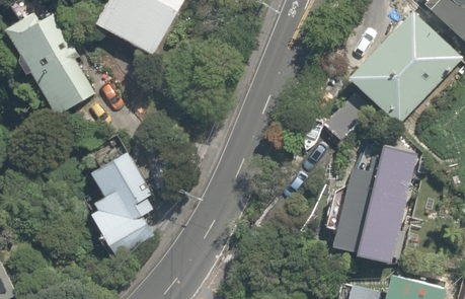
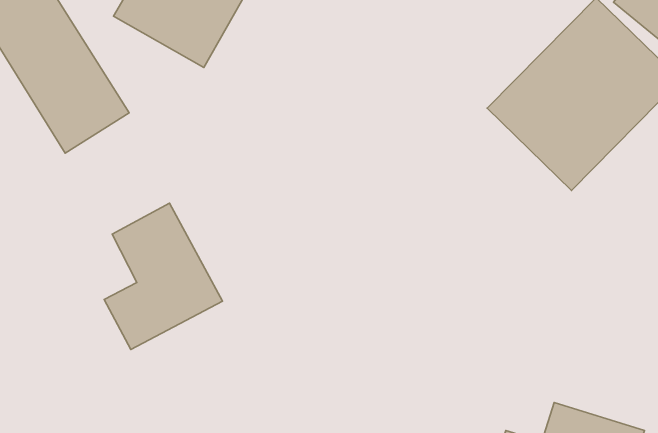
building: [327,148,413,269] -> none

